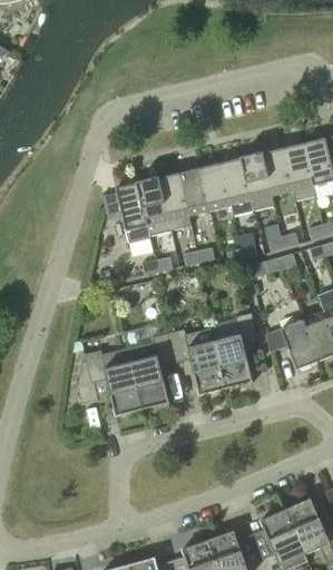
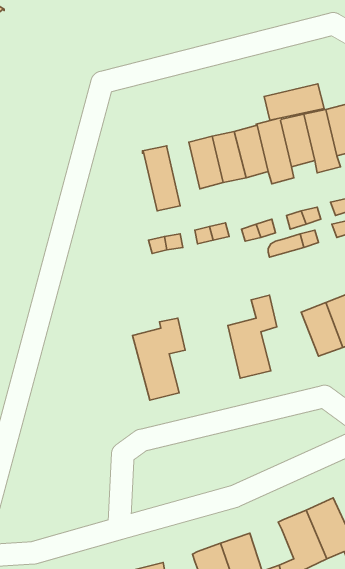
building: none -> [264,84,324,120]
building: [158,174,192,232] -> none
building: [116,183,150,244] -> none
building: [168,328,225,394] -> none
building: [78,350,143,415] -> none

